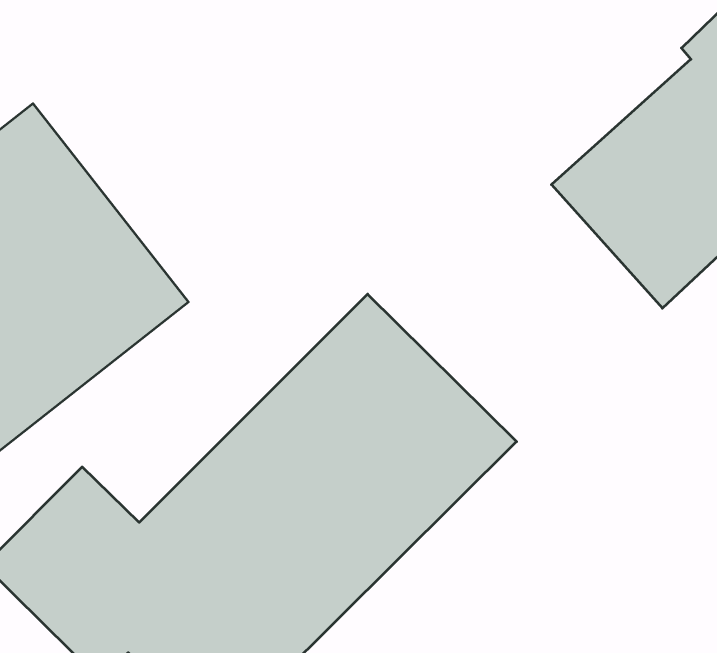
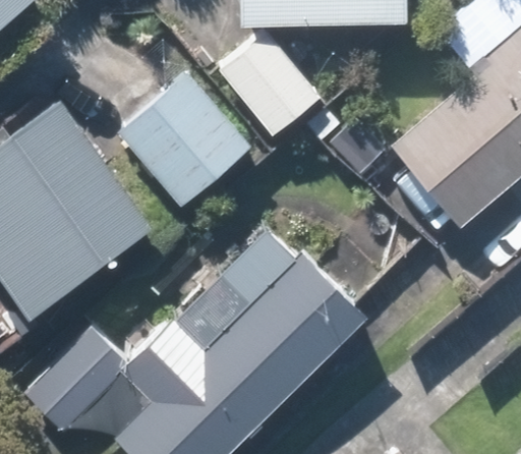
building: none -> [213,37,317,146]
building: none -> [111,76,248,215]

